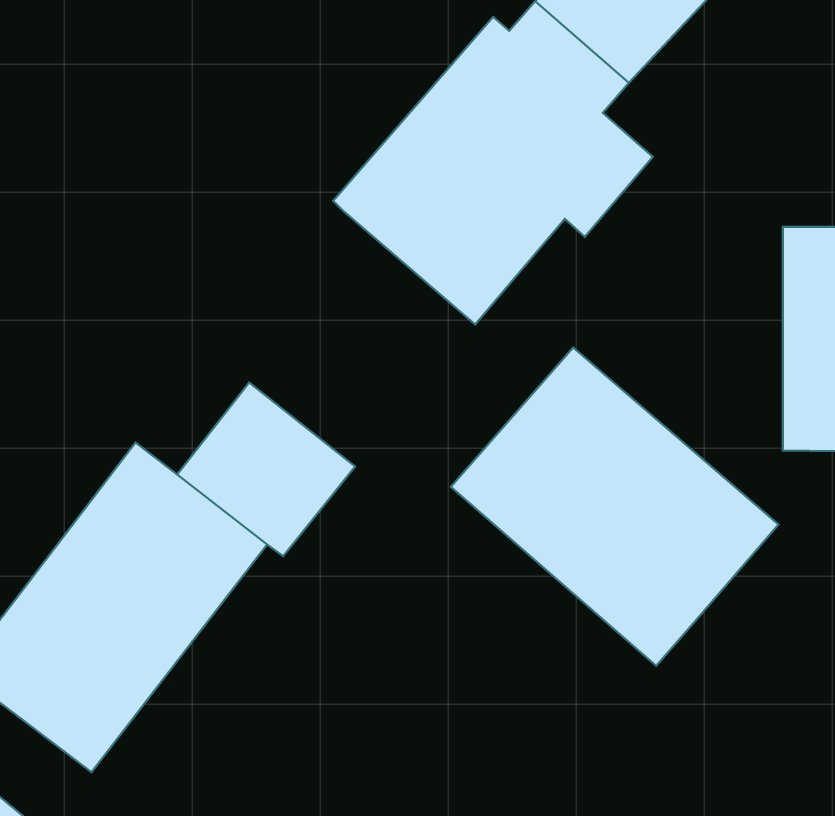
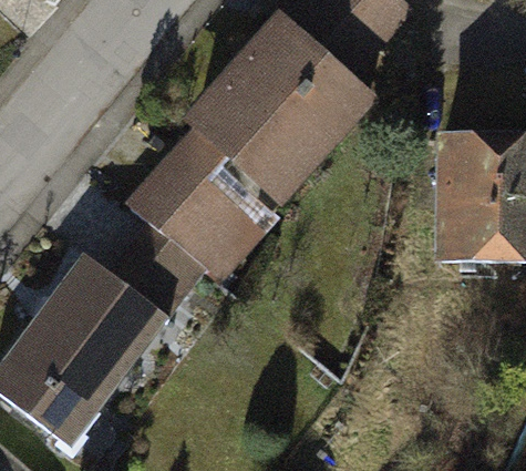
building: none -> [134,126,282,275]
building: [451,348,778,666] -> none

